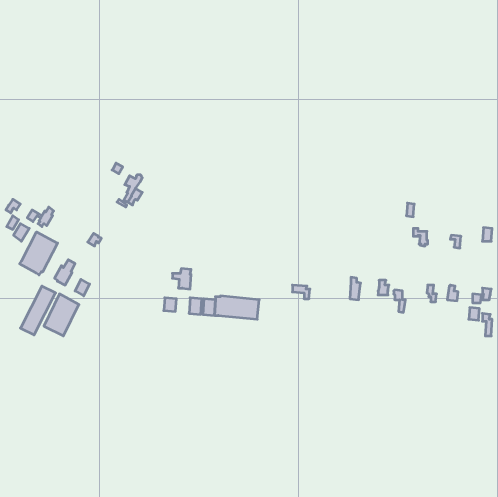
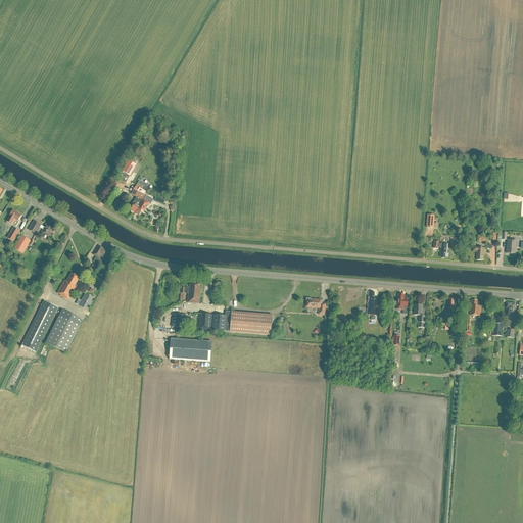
building: [20,232,58,275] -> none
building: none -> [169,337,211,361]

